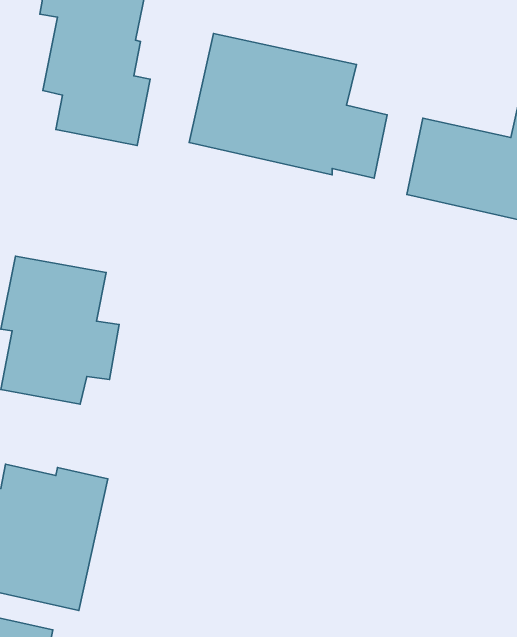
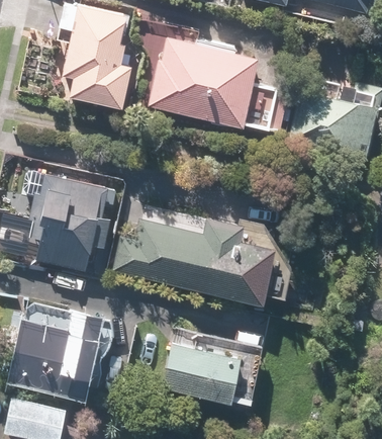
building: none -> [111,217,275,305]
building: none -> [162,342,241,403]

